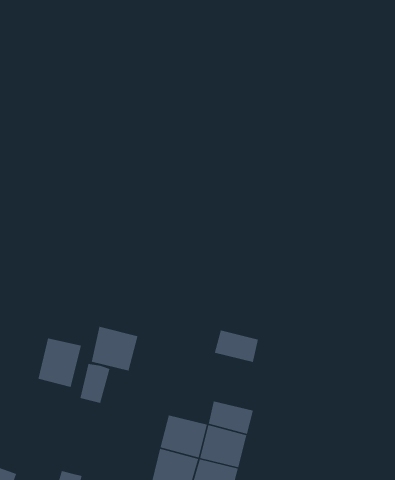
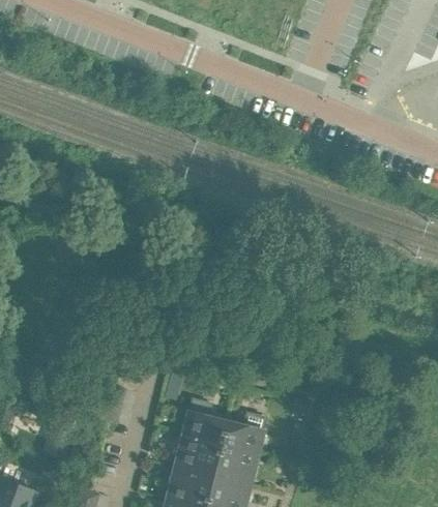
building: [91,326,138,372] -> none
building: [214,330,259,363] -> [182,412,226,444]
building: [37,337,82,388] -> none

